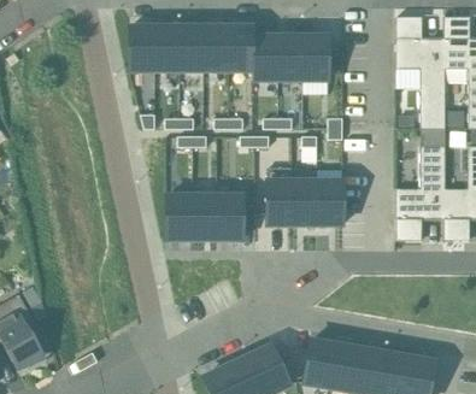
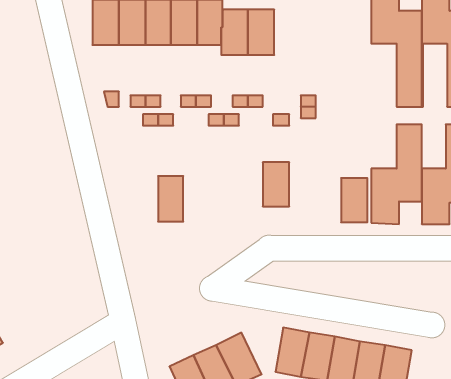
building: [302,36,328,80] -> none
building: [266,182,292,224] -> none
building: [317,182,342,224] -> [341,178,367,222]
building: [166,195,192,239] -> none
building: [216,195,242,239] -> none

